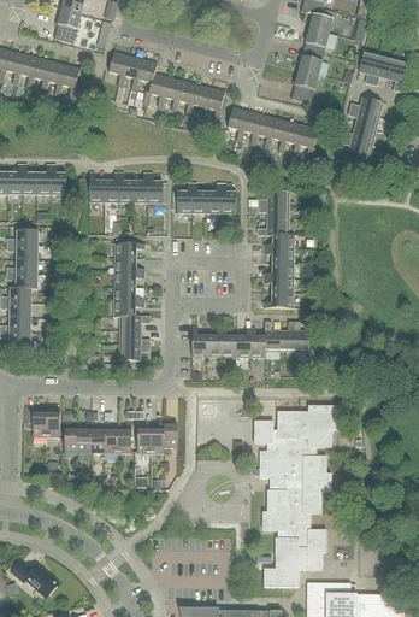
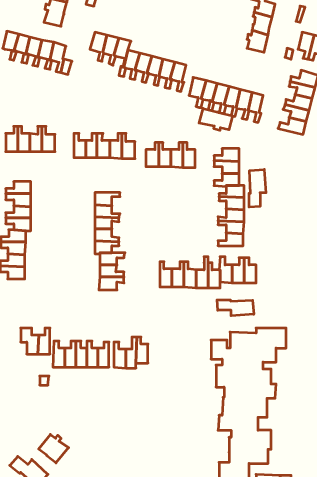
building: [291,70,318,102] -> none
building: none -> [199,108,232,130]
building: none -> [249,169,266,207]
building: none -> [217,300,254,316]
building: none -> [39,434,69,463]

